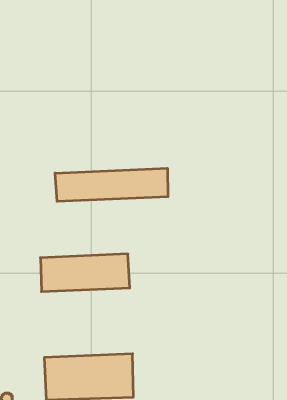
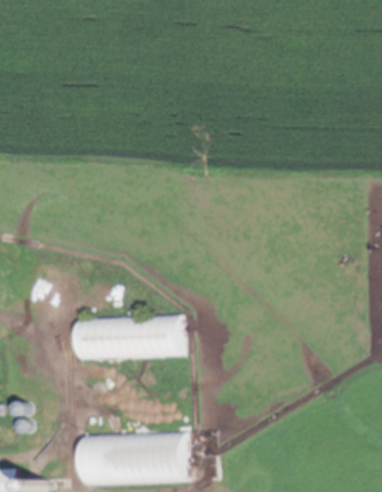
building: [55,168,168,201] -> none

